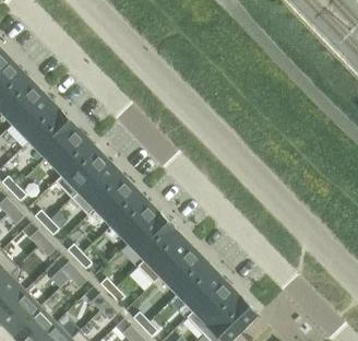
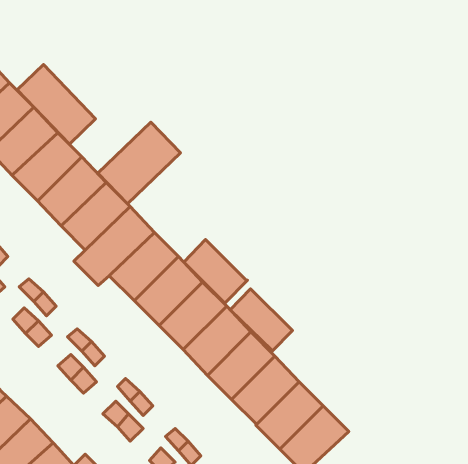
building: none -> [17,65,96,144]
building: none -> [98,122,180,204]
building: none -> [184,239,248,303]
building: none -> [230,289,292,352]

